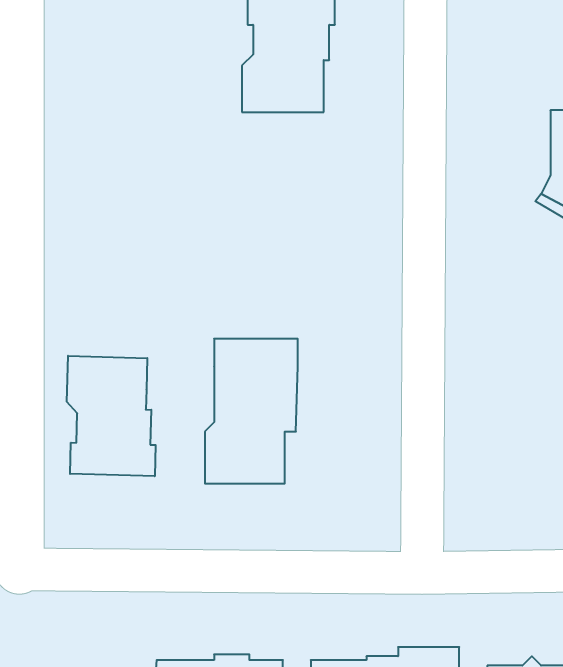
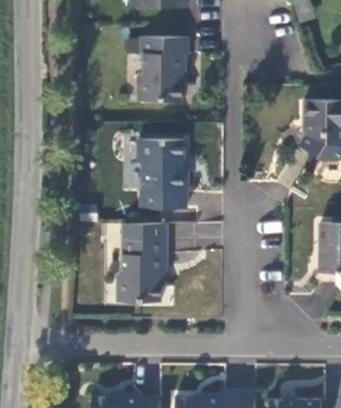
building: none -> [139,139,188,208]
building: [67,356,156,476] -> none

